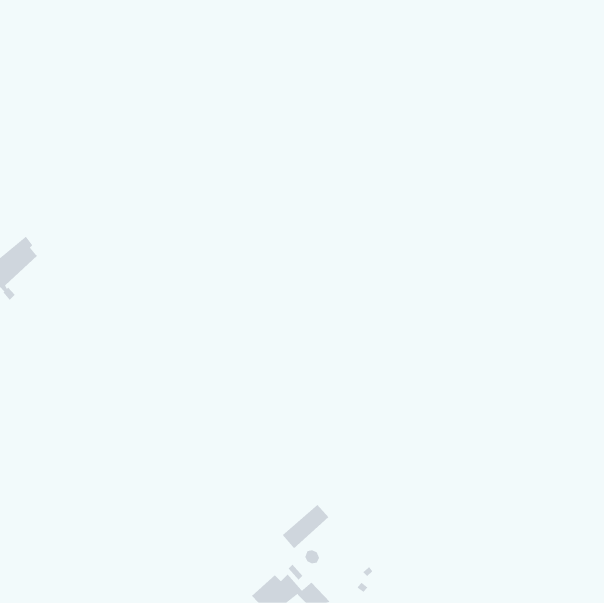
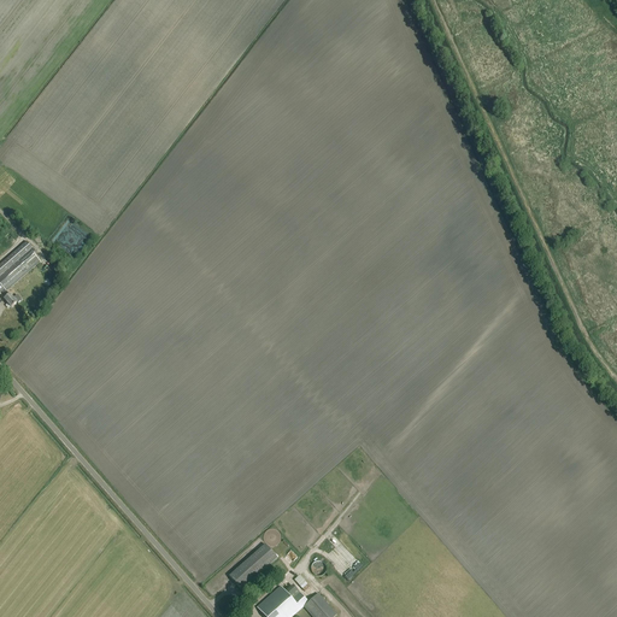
building: [282,504,329,549] -> [228,542,276,588]

